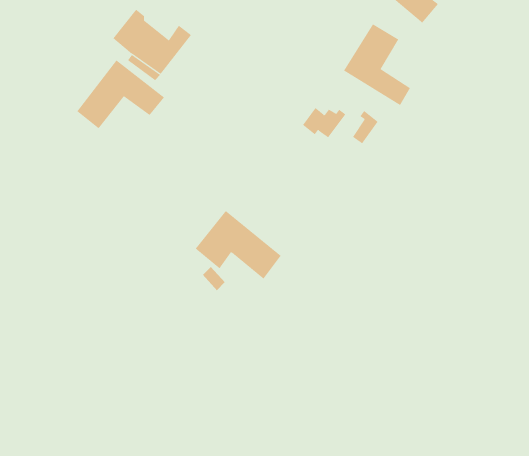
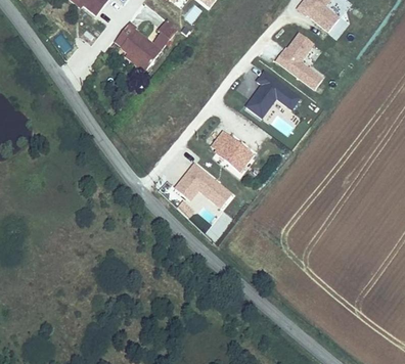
building: [76,59,165,129] -> none
building: none -> [211,130,254,172]

